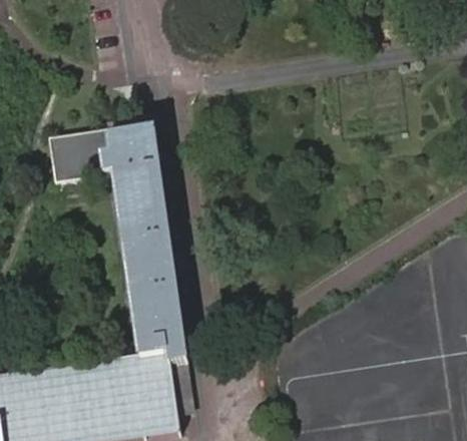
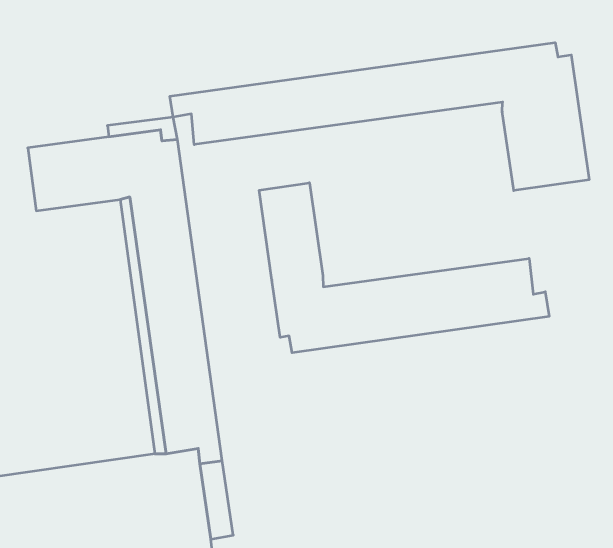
building: none -> [170,43,589,191]
building: none -> [259,183,549,353]

